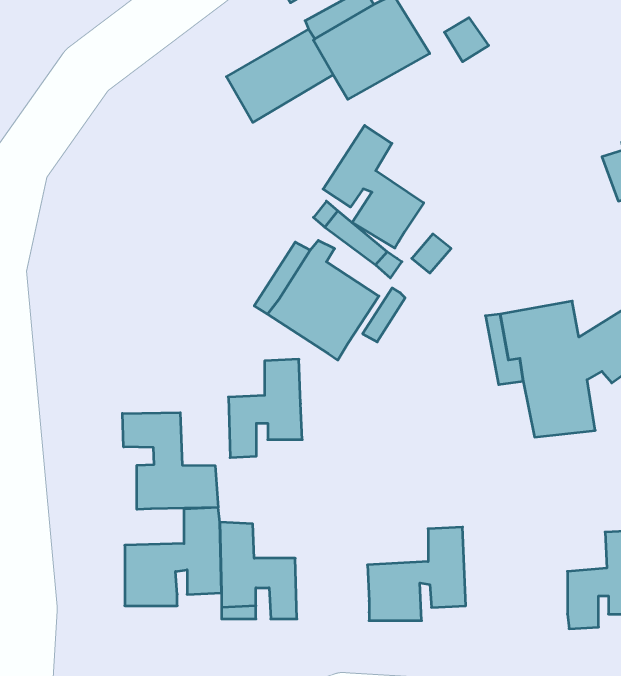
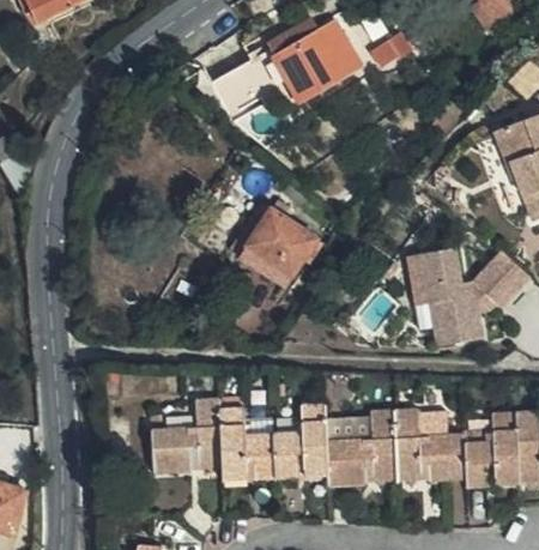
building: [323,125,424,248] -> none
building: [228,359,302,458] -> [264,409,317,481]
building: [122,413,218,509] -> none
building: none -> [386,413,462,479]

